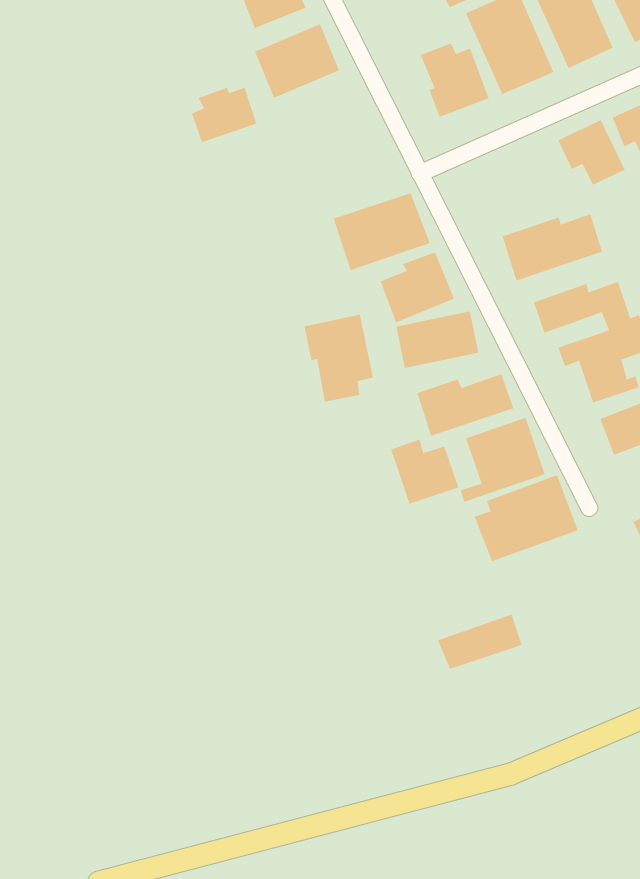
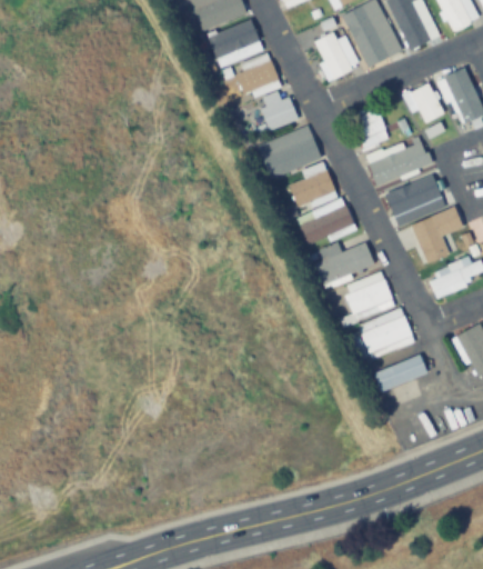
building: [191,87,257,143] -> [237,57,279,92]
building: none -> [260,92,299,130]
building: none -> [354,106,388,146]
building: [304,314,374,402] -> none
building: [390,439,459,505] -> none
building: [437,614,523,670] -> [373,353,427,389]

